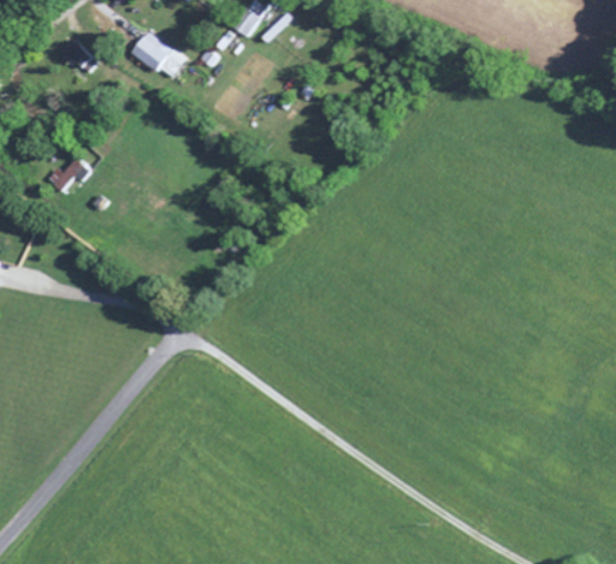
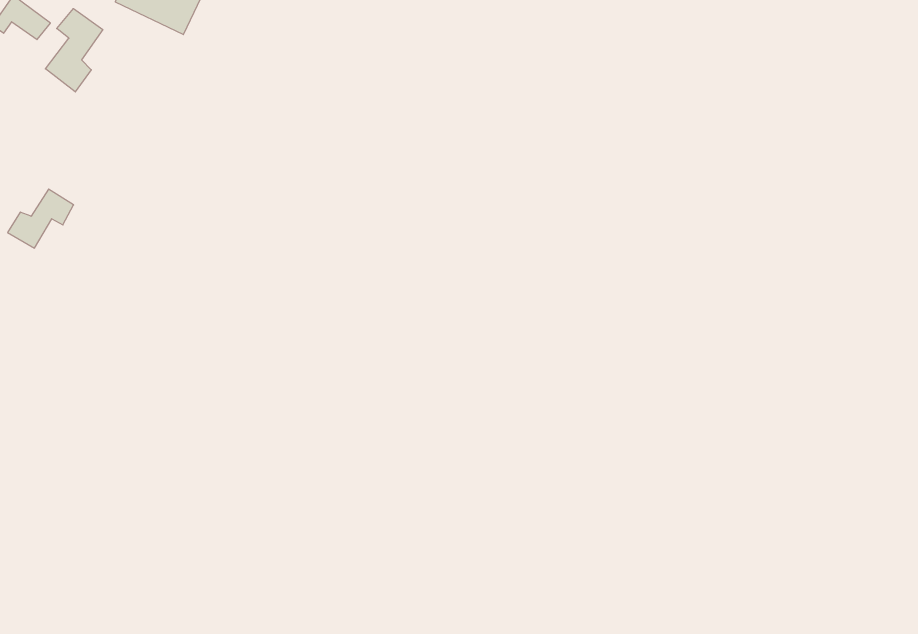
building: none -> [45,9,103,92]

